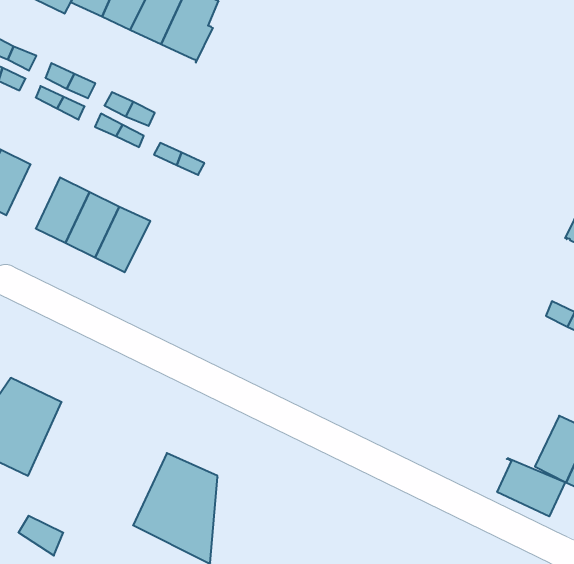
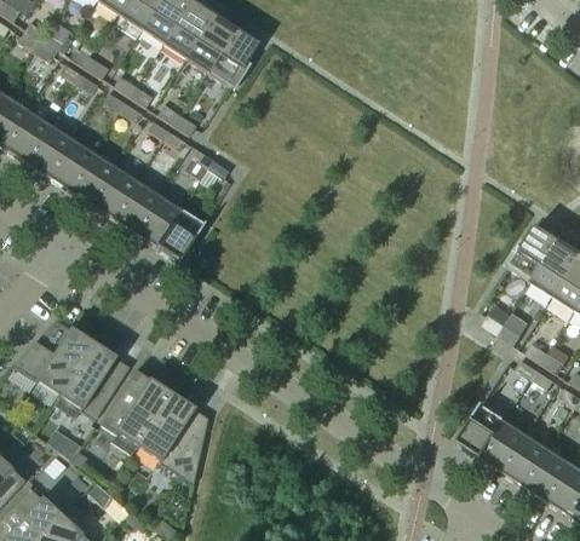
building: none -> [68,152,114,203]
building: none -> [155,209,203,261]
building: none -> [53,343,128,420]
building: none -> [99,370,170,454]
building: [497,458,565,516] -> none

